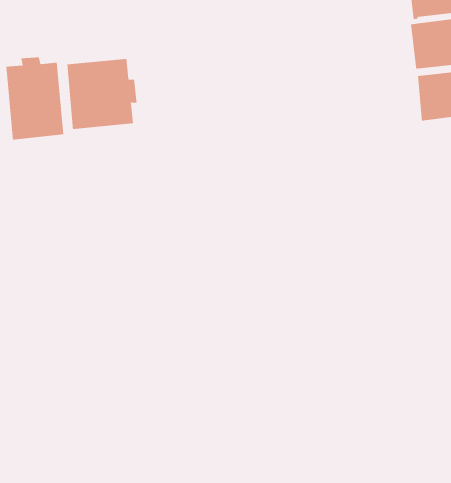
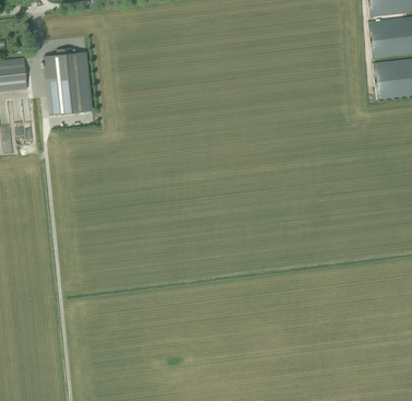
building: [67,58,137,130] -> none

